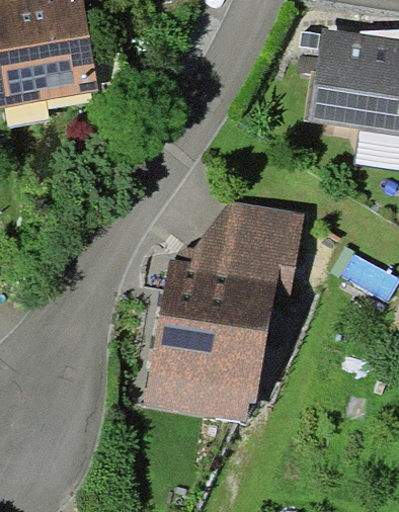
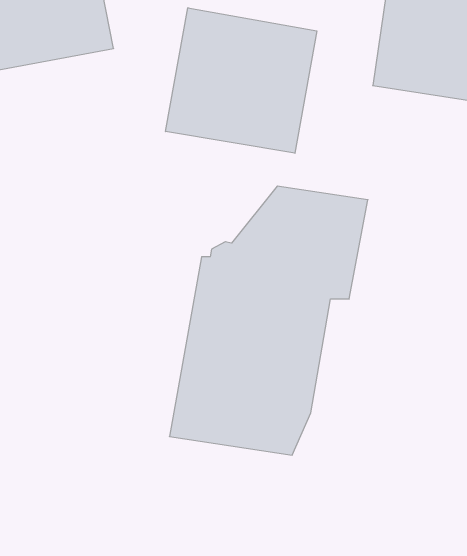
building: none -> [166,8,317,153]

